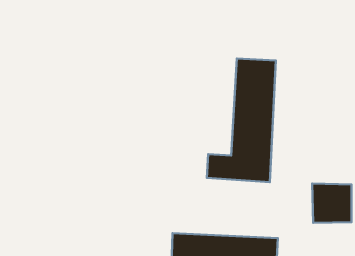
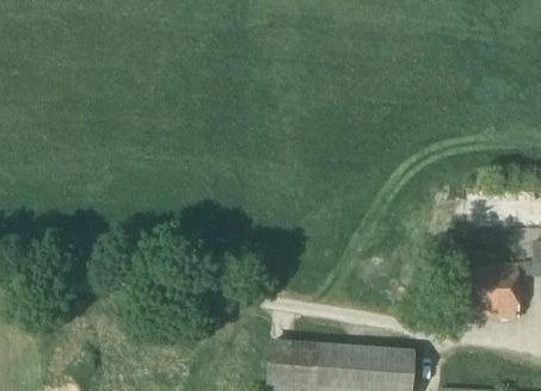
building: [207,59,276,182] -> none

